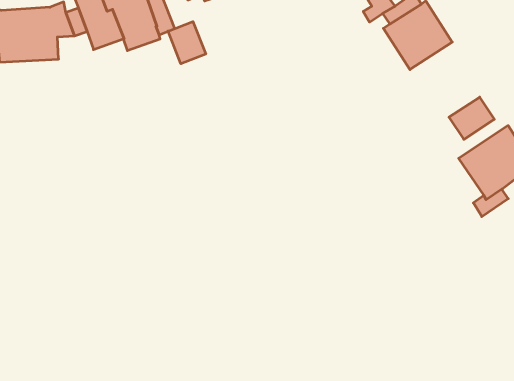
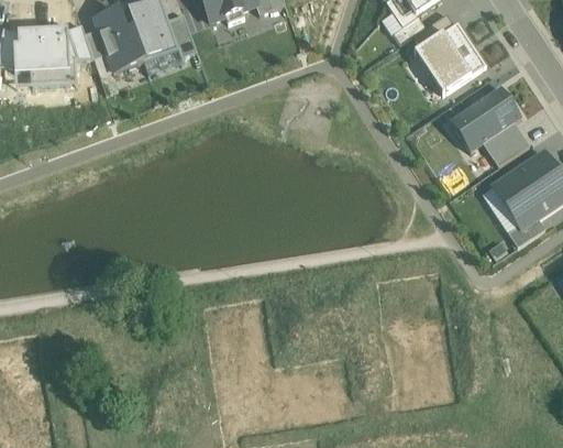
building: [168,22,206,64] -> none
building: none -> [448,85,519,150]

